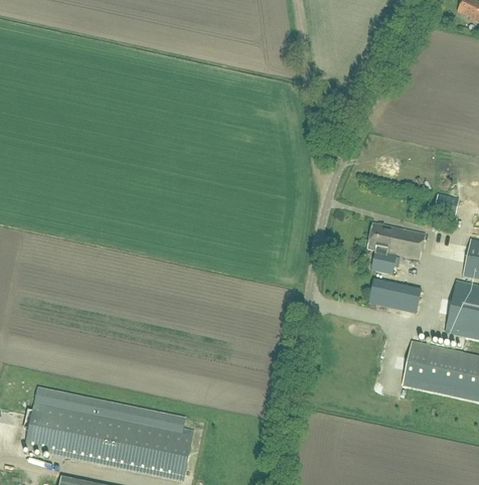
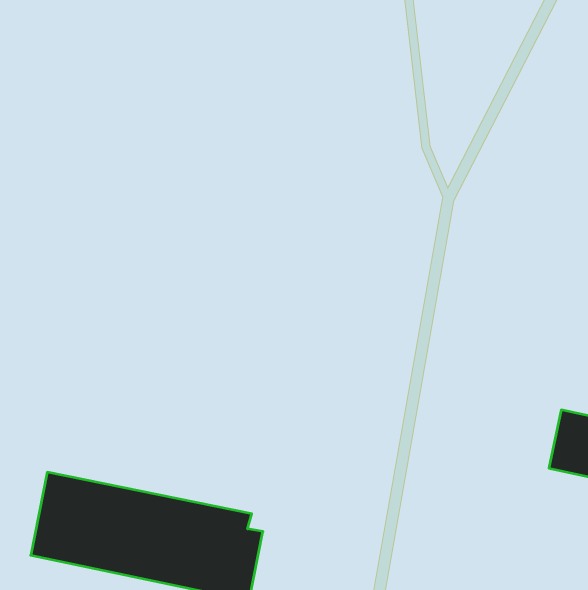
building: [367,221,425,273] -> none
building: [369,278,421,312] -> none

